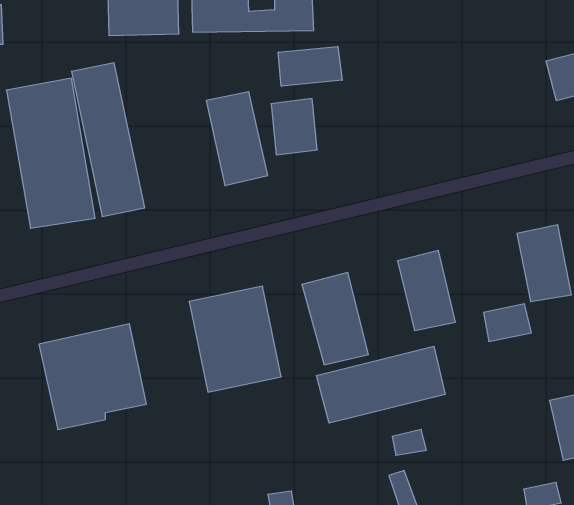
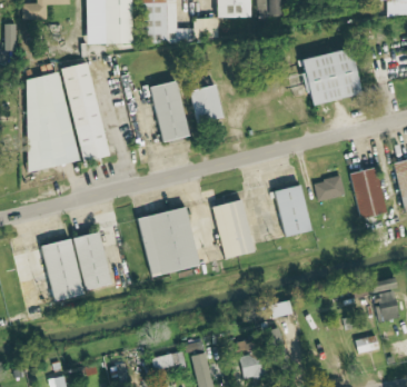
building: none -> [300,48,359,105]
building: [278,46,342,86] -> none
building: [484,304,531,341] -> [315,176,346,200]
building: [317,346,445,423] -> none

